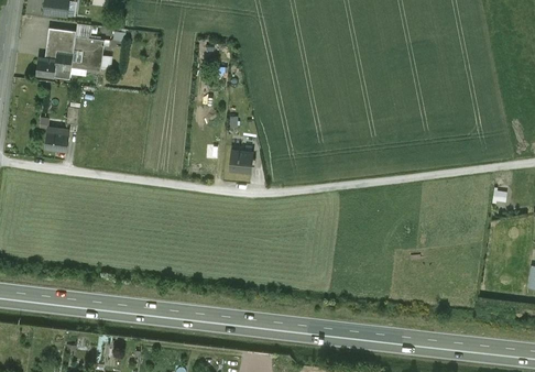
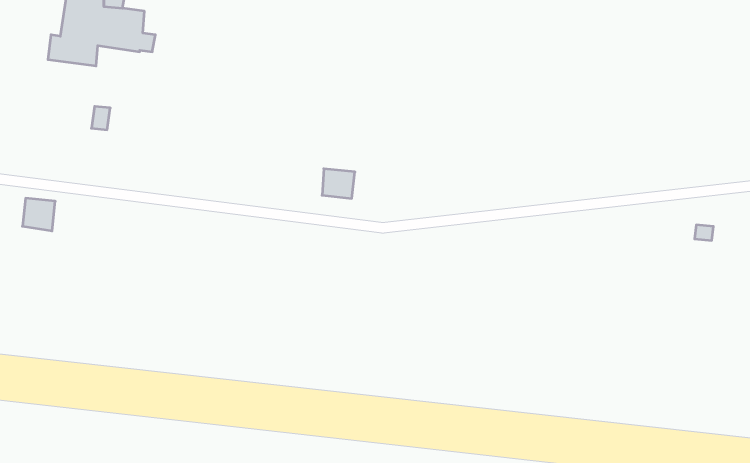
building: [45,129,68,152] -> [22,198,55,231]

